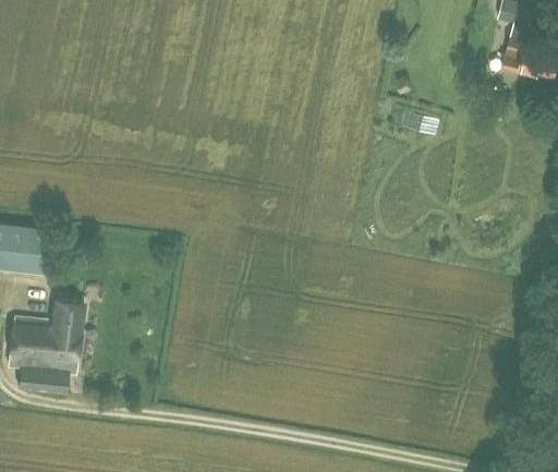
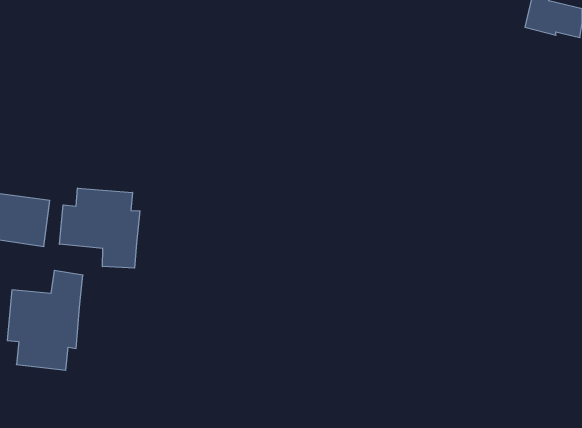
building: none -> [59,188,140,268]

